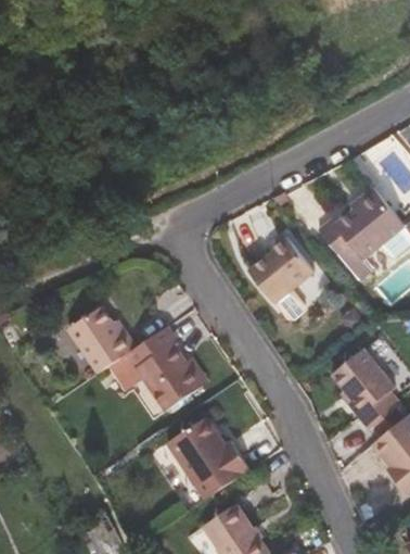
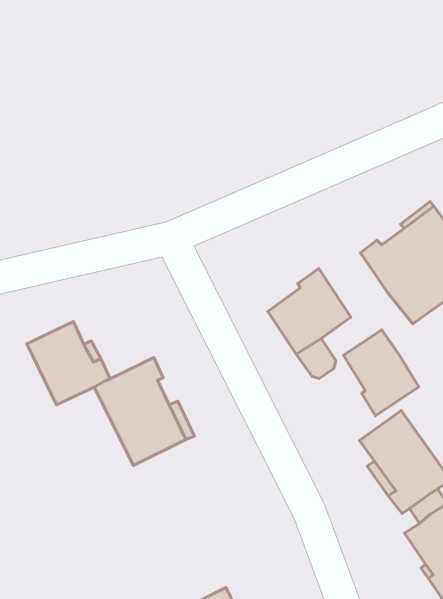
building: none -> [344,330,419,416]
building: [164,416,245,500] -> none

